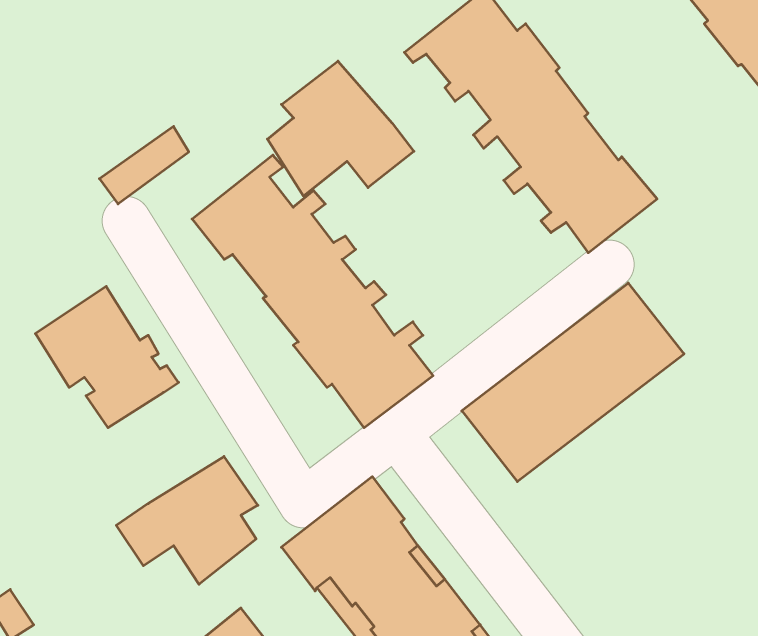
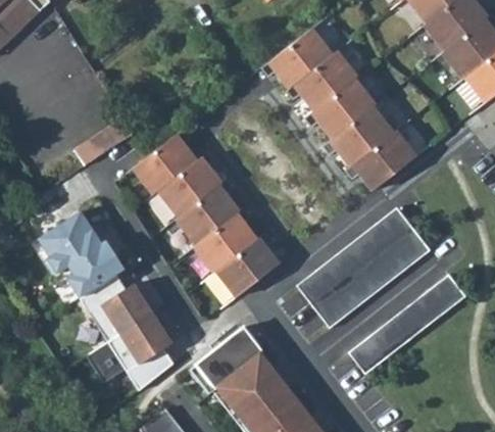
building: [267,61,414,196] -> none
building: none -> [349,274,466,376]
building: none -> [79,275,153,342]

